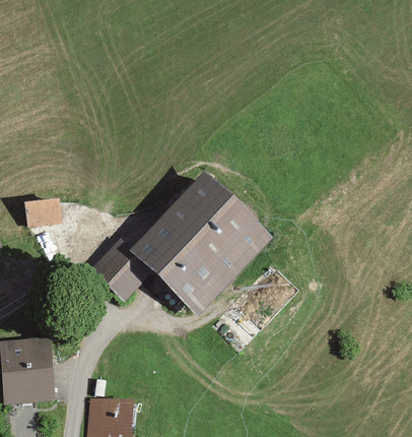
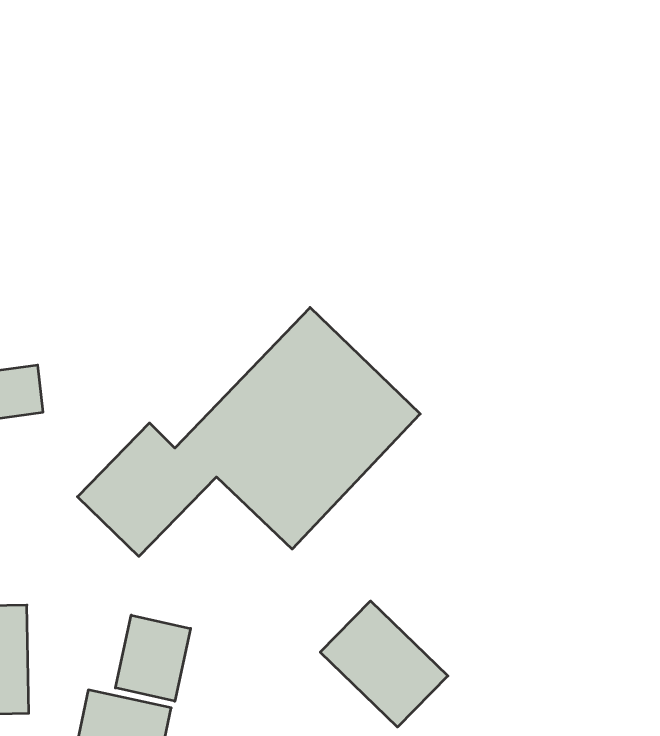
building: none -> [320,601,448,727]
building: none -> [115,615,191,701]

